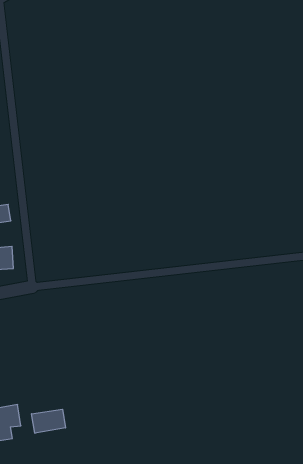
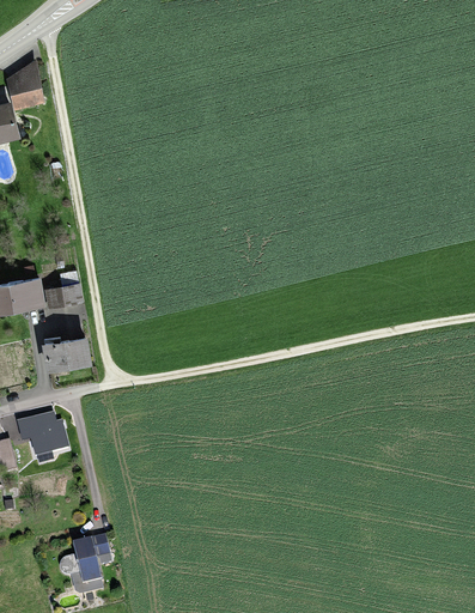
building: [32,409,65,433] -> none

